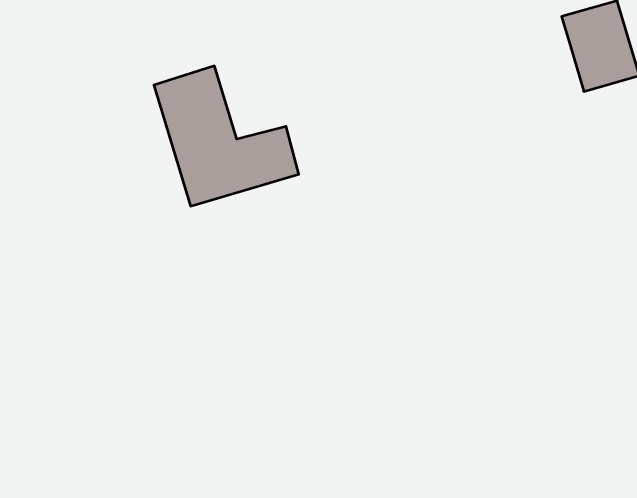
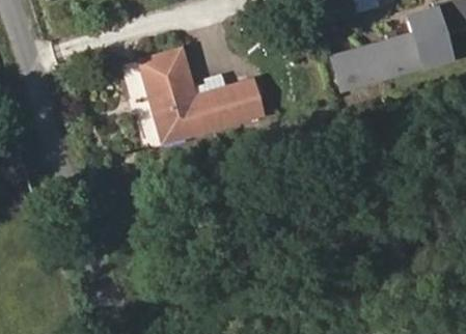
building: none -> [333,39,420,90]
building: none -> [226,83,262,121]

